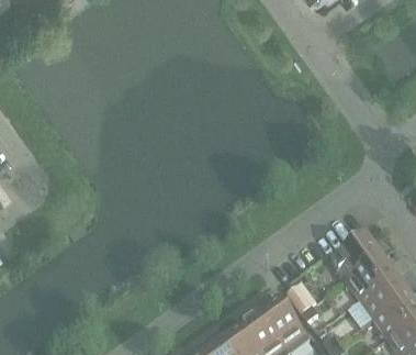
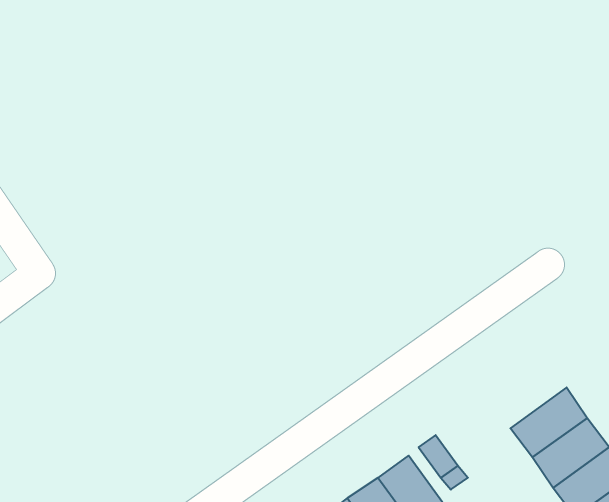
building: [329,235,380,281] -> none

